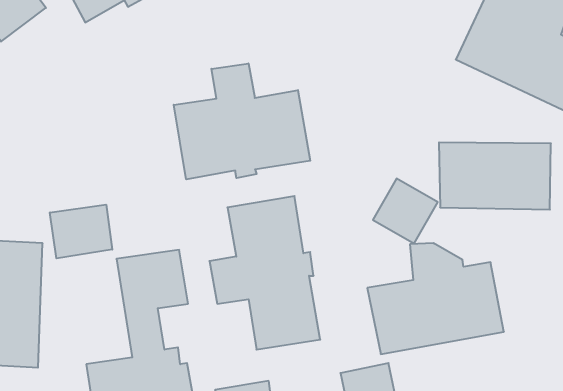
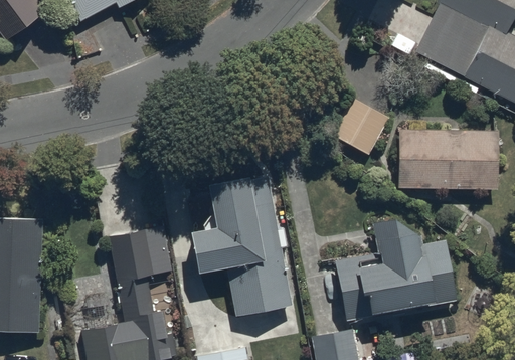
building: [174,63,310,179] -> none
building: [373,179,438,243] -> [330,98,388,156]
building: [50,205,112,258] -> none

